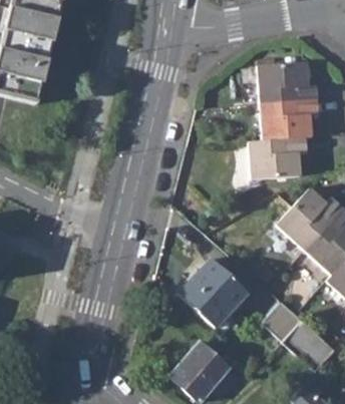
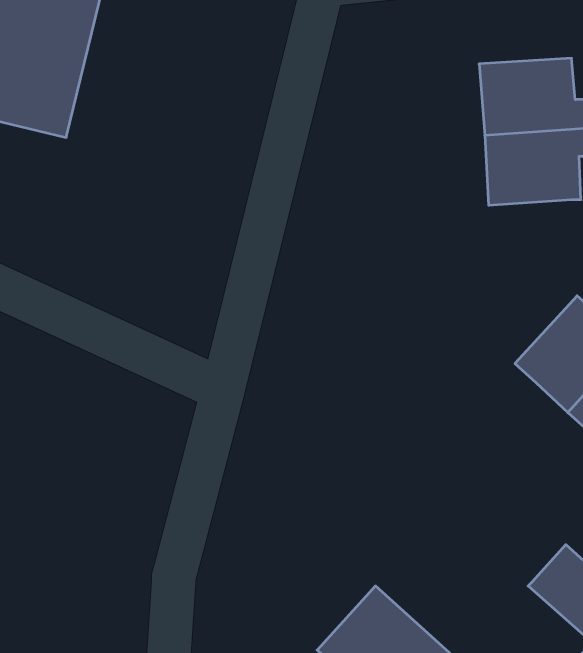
building: [247,136,307,177] -> none
building: [183,259,251,328] -> none
building: [264,301,303,340] -> none

